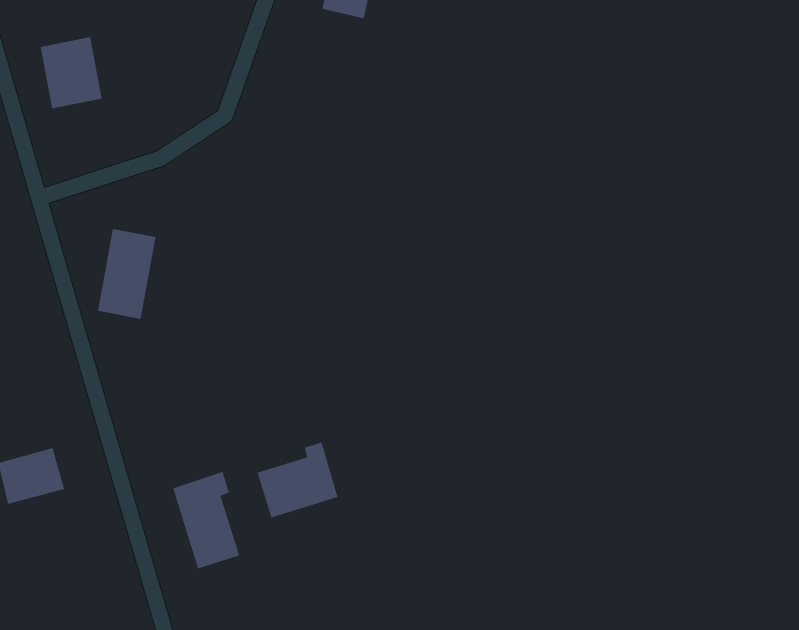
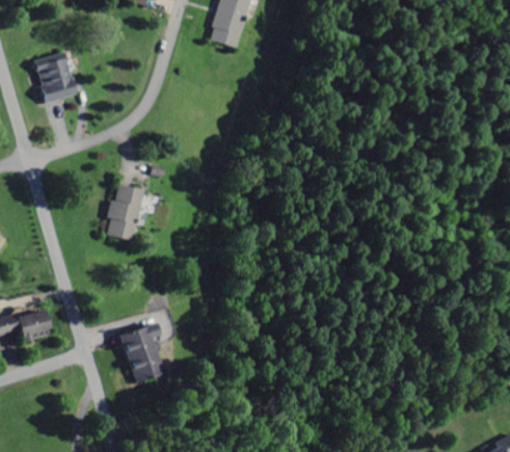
building: [97,228,156,320] -> [108,183,144,239]
building: [257,441,339,519] -> none

